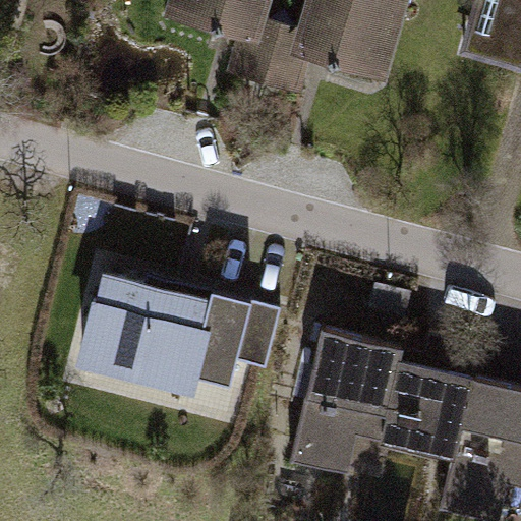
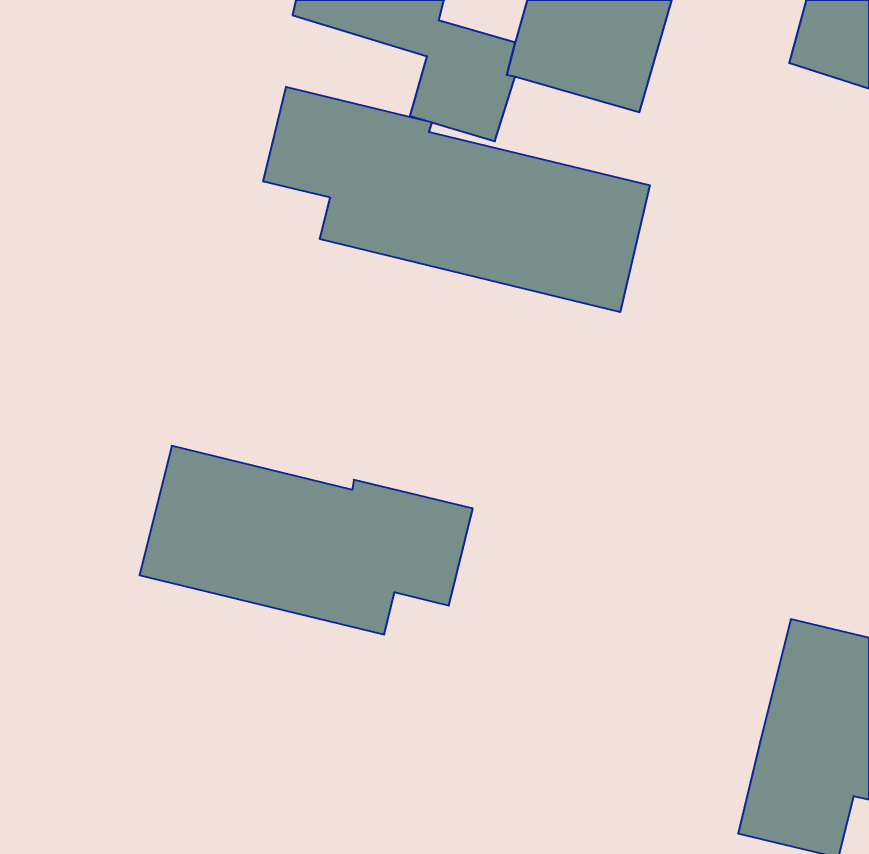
building: none -> [263,87,650,312]
building: [293,333,473,471] -> none

